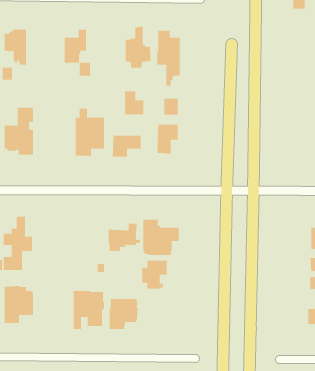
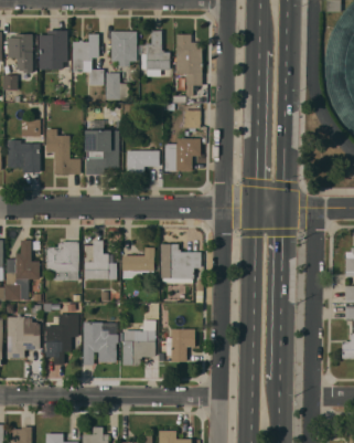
building: none -> [39,30,67,68]
building: none -> [110,31,137,66]
building: [124,91,144,115] -> [106,73,128,99]
building: none -> [45,128,79,173]
building: none -> [84,240,116,279]
building: none -> [45,242,78,281]
building: [141,260,167,289] -> [165,329,194,361]
building: none -> [45,314,78,365]

